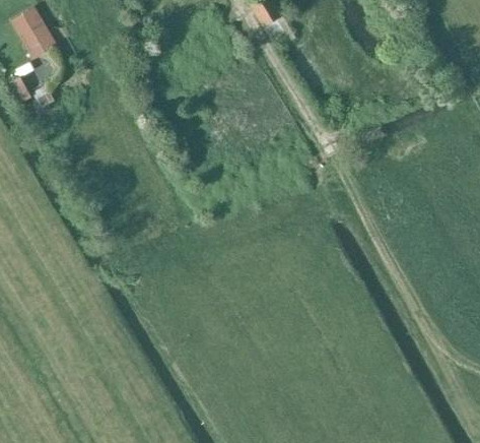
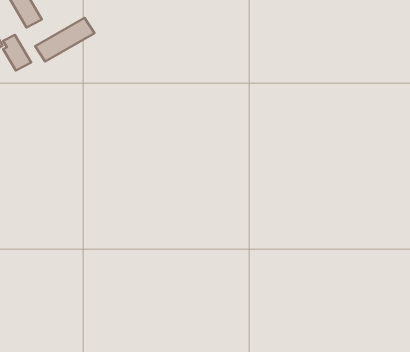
building: none -> [35,18,94,62]

